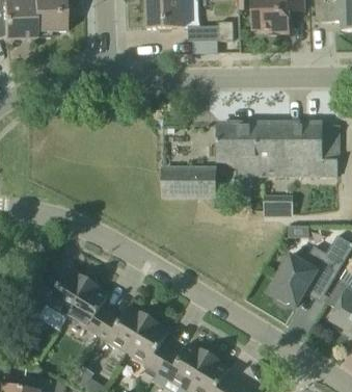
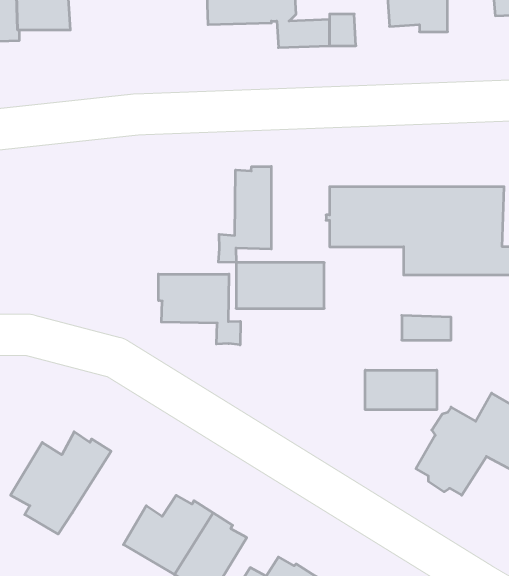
building: none -> [218,166,271,263]
building: none -> [158,274,240,345]
building: none -> [365,370,437,410]
building: [66,280,110,335] -> none

